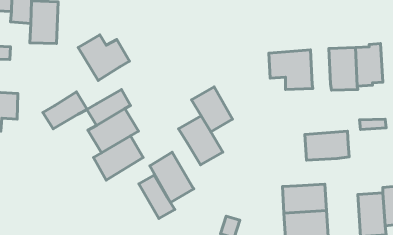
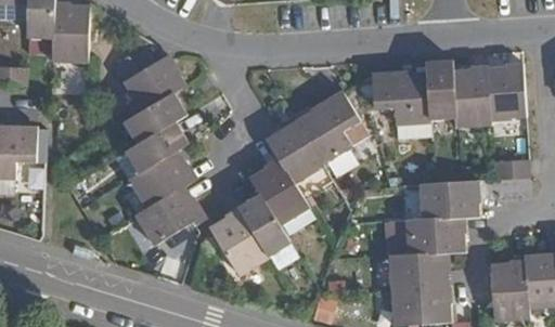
building: none -> [427,61,455,116]
building: none -> [298,91,362,162]
building: [43,92,87,129] -> [126,92,185,142]
building: none -> [408,215,466,252]
building: [139,175,175,218] -> [242,195,291,253]

